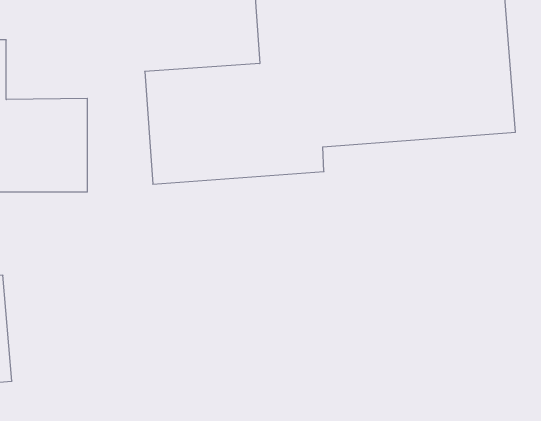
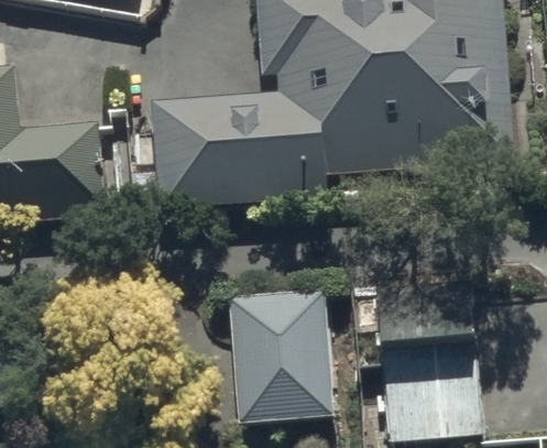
building: none -> [217,289,347,423]
building: none -> [383,302,475,439]

